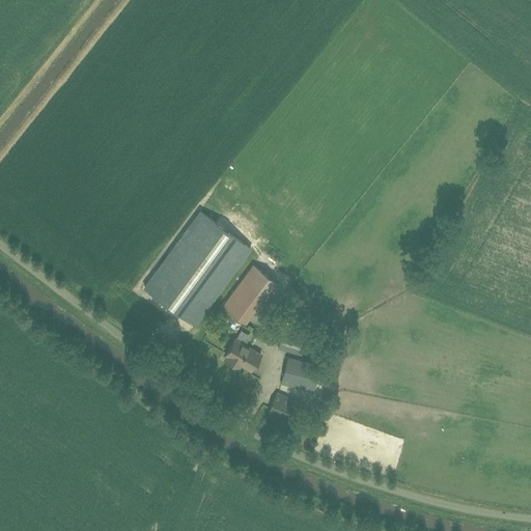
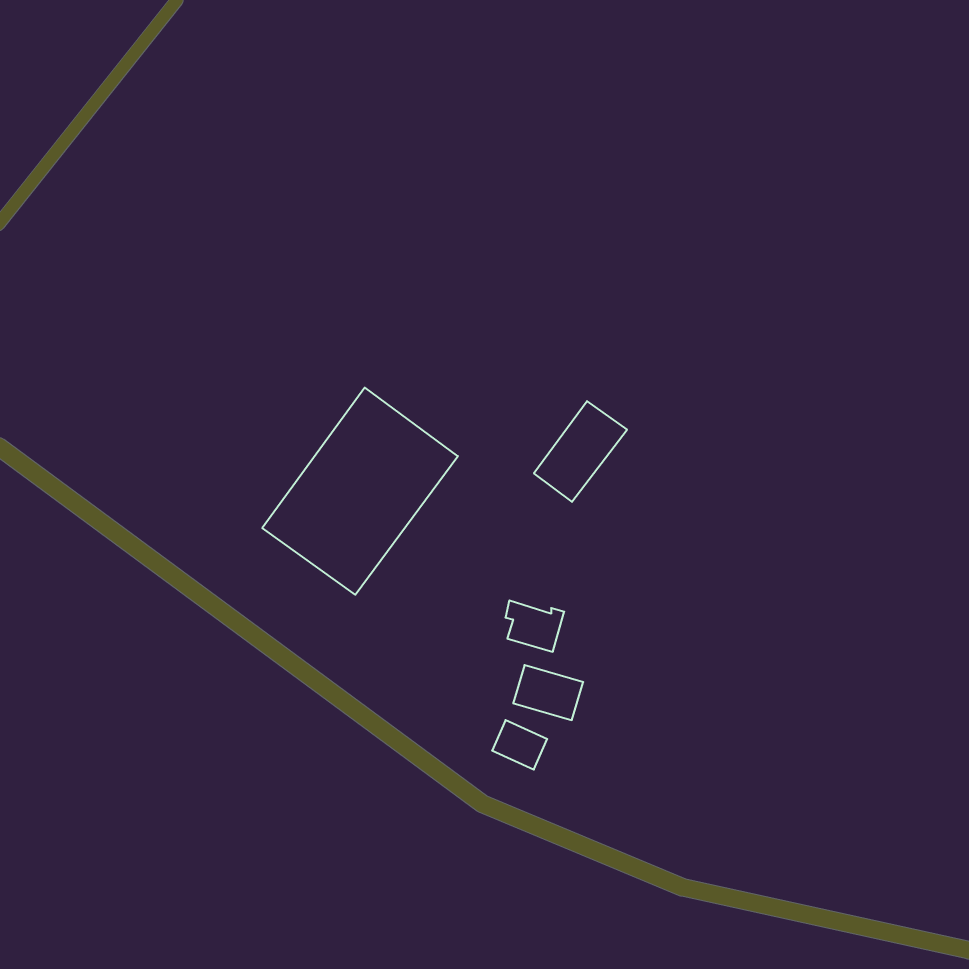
building: [223,268,274,323] -> [534,401,627,502]
building: [224,340,260,371] -> none

